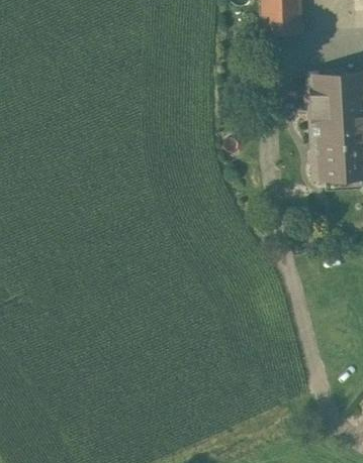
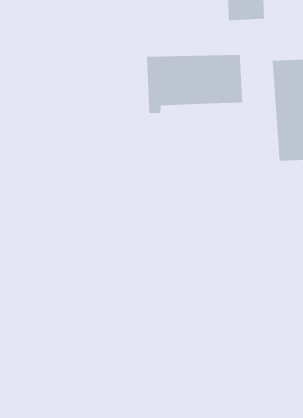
building: none -> [146,54,243,114]

